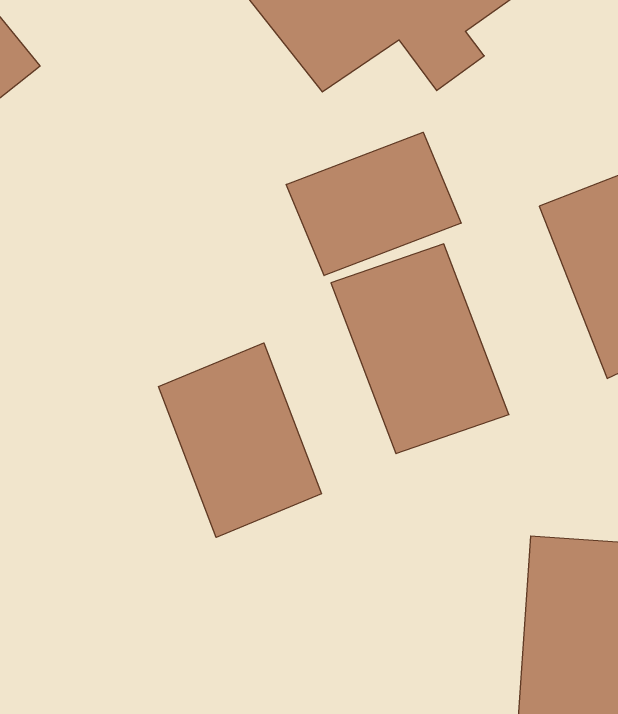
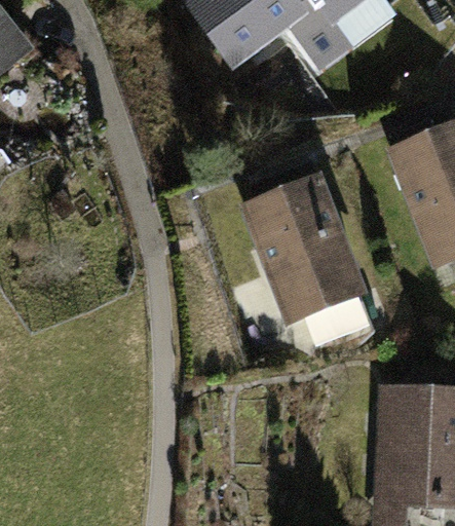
building: [286,132,461,276] -> none
building: [159,343,321,537] -> none

